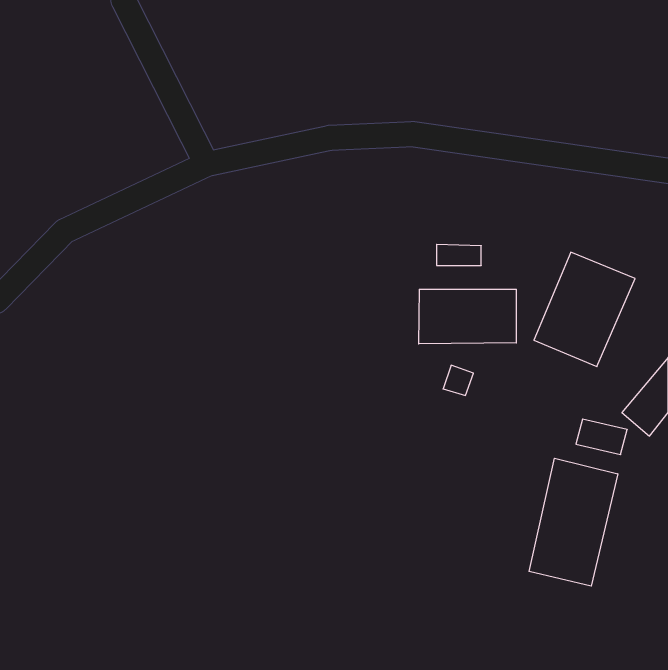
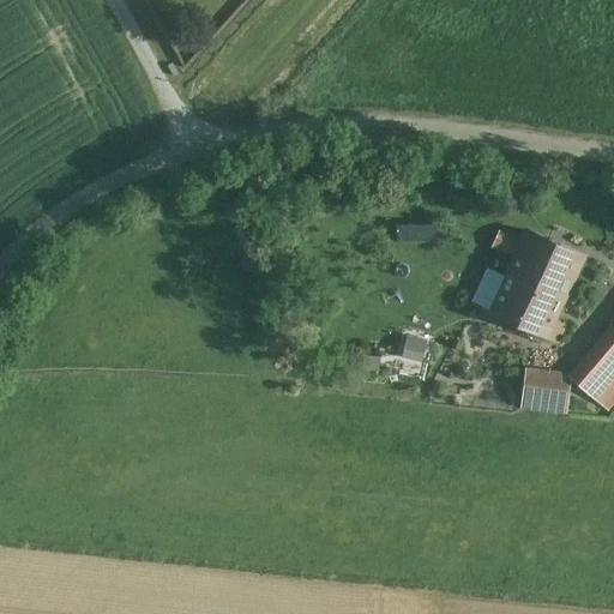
building: [419,289,516,344] -> none
building: [529,458,618,586] -> none

